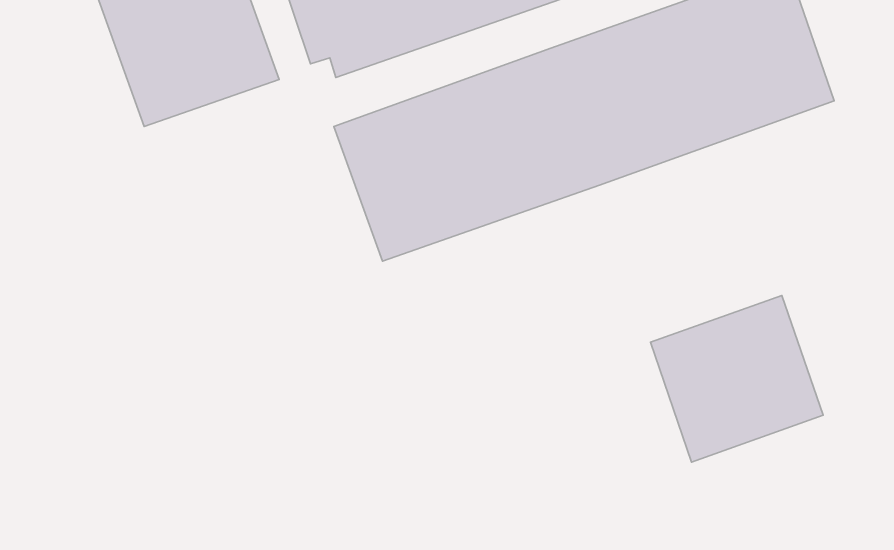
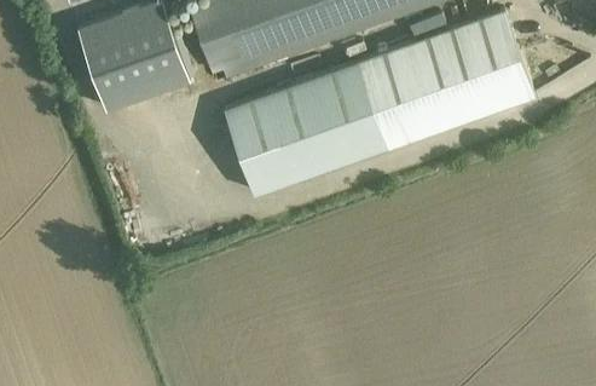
building: [650,295,823,462] -> none

